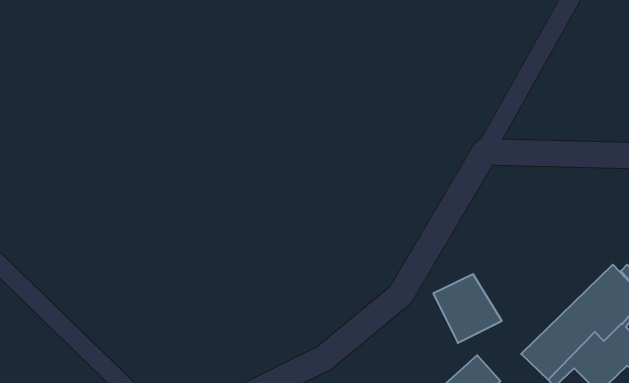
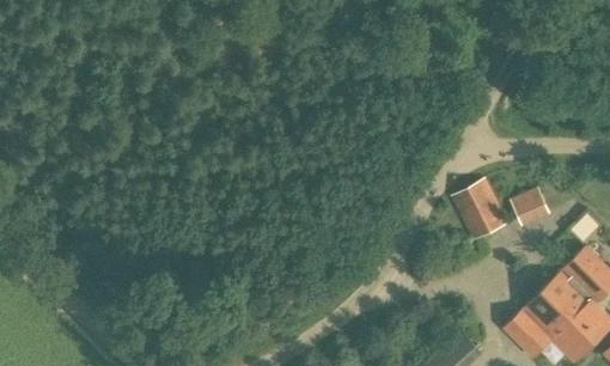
building: none -> [511,187,550,225]
building: [433,274,502,343] -> [449,178,512,242]

